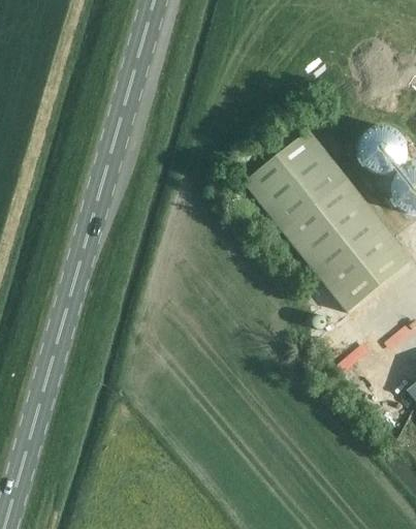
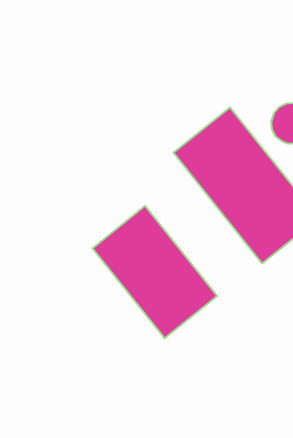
building: none -> [93,206,217,338]

